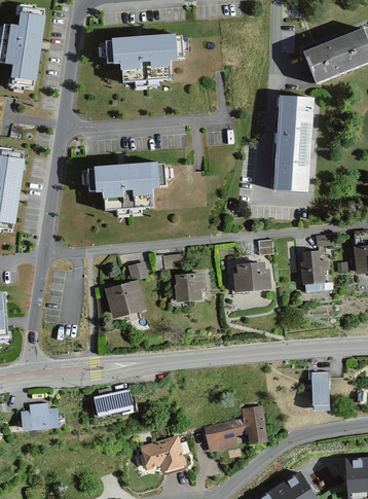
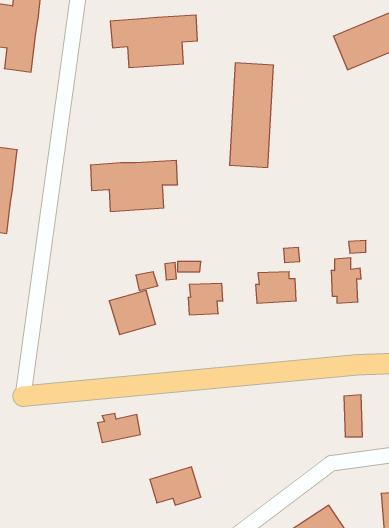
building: [273,97,312,189] -> [229,63,274,167]
building: [21,402,57,429] -> none
building: [204,404,267,451] -> none

